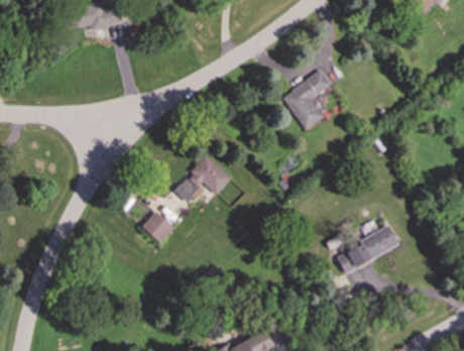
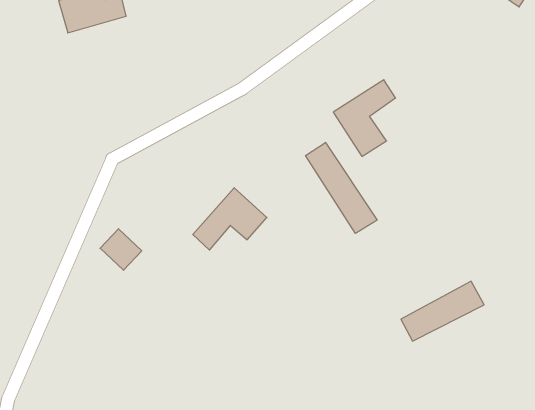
building: none -> [306,142,377,233]
building: [141,211,173,243] -> [100,229,142,270]

